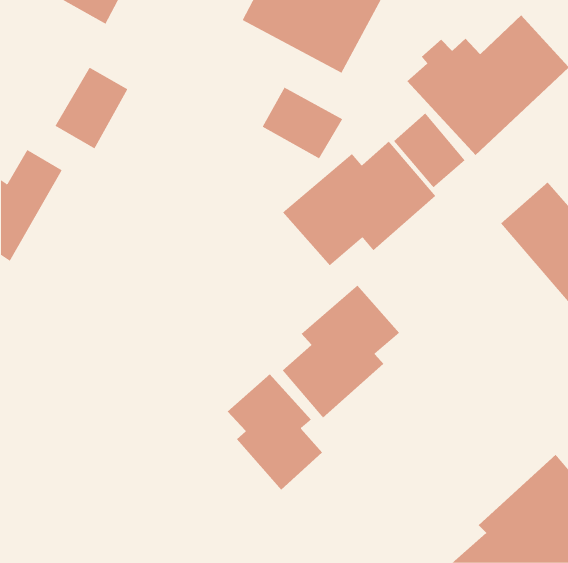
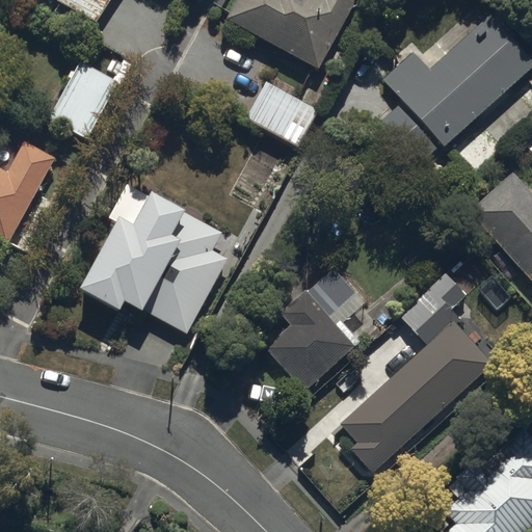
building: [282,141,436,266] -> none
building: none -> [81,192,232,335]
building: none -> [340,273,491,474]
building: [227,374,323,490] -> none

